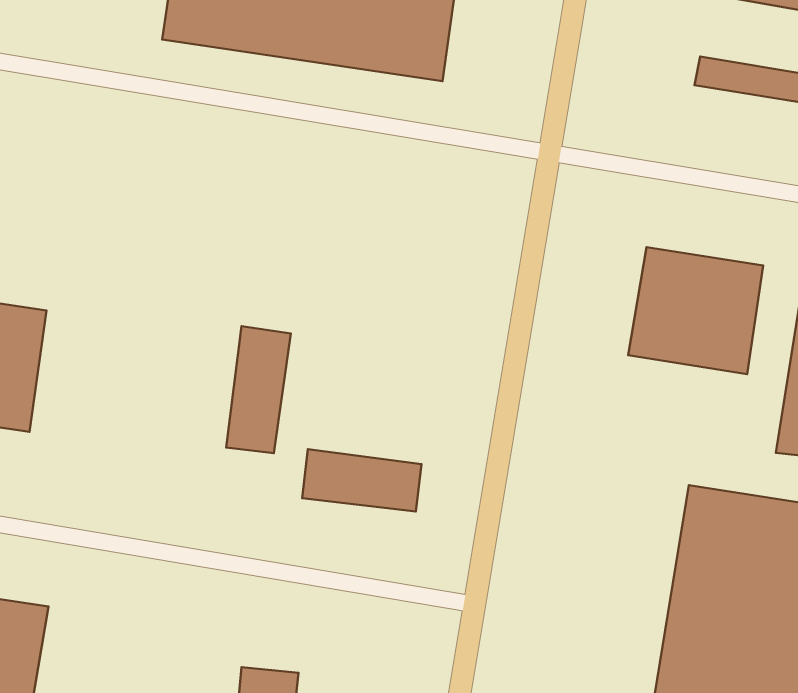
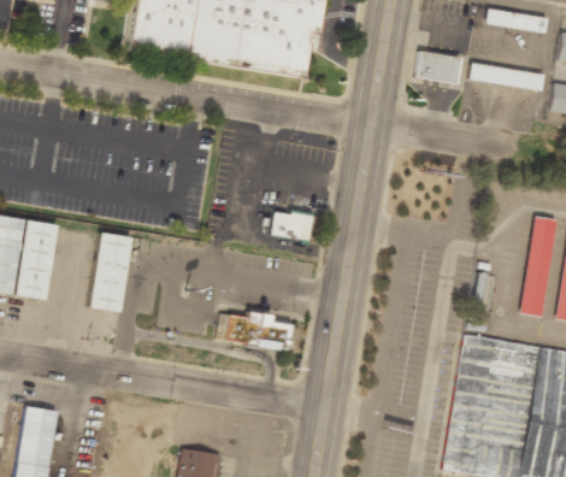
building: none -> [414,52,461,84]
building: [628,247,763,374] -> none
building: none -> [272,211,313,239]
building: [226,326,291,453] -> [90,231,131,312]

